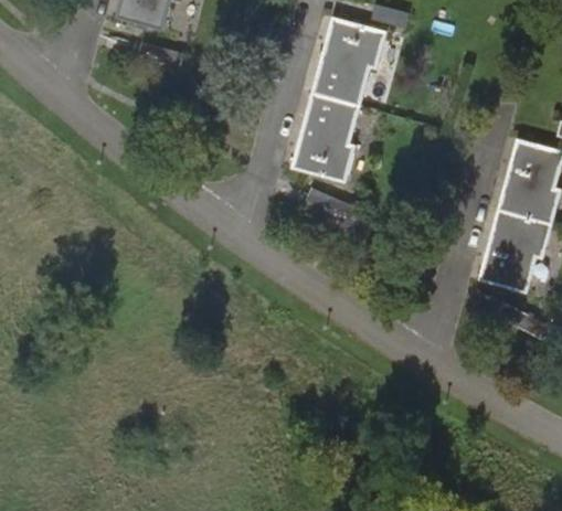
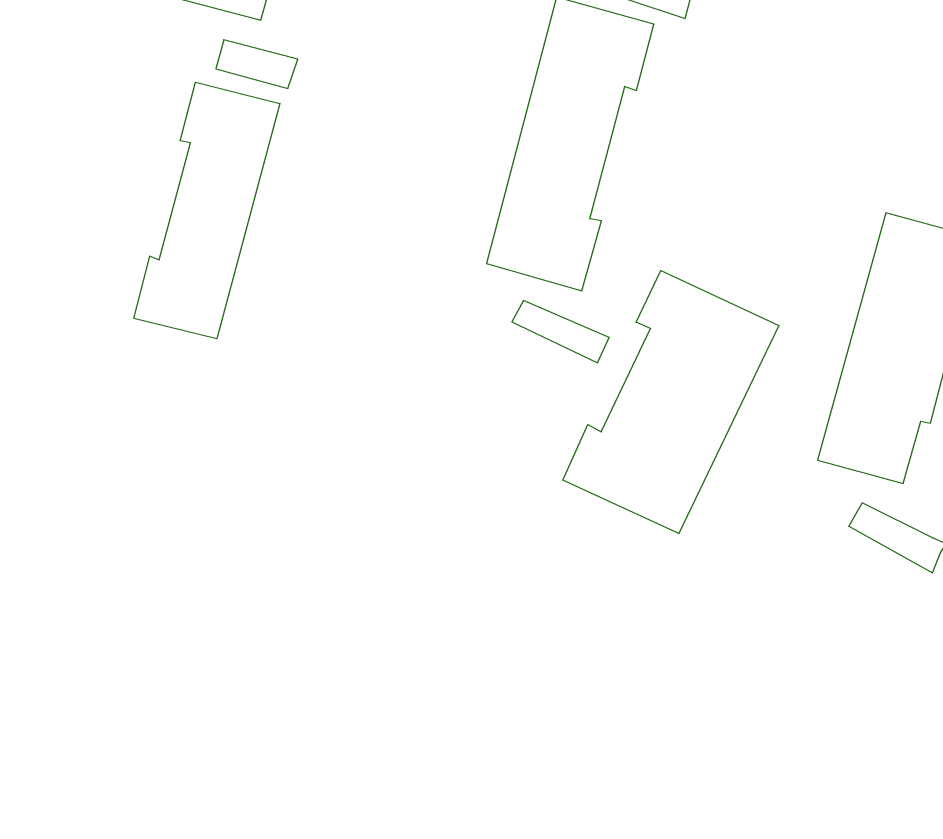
building: none -> [134,82,280,339]
building: none -> [563,271,779,534]

